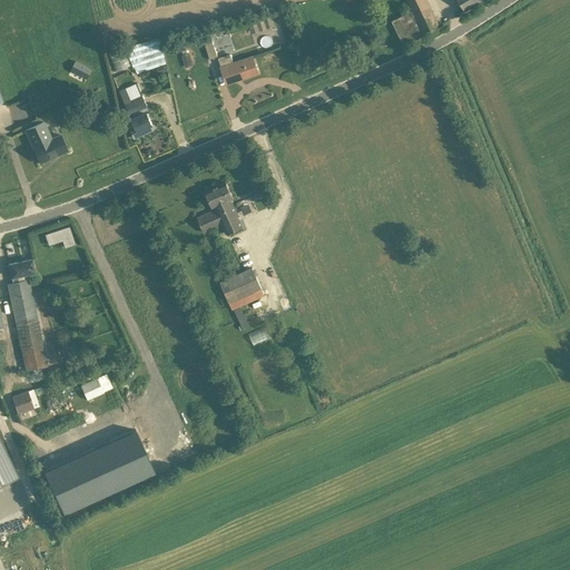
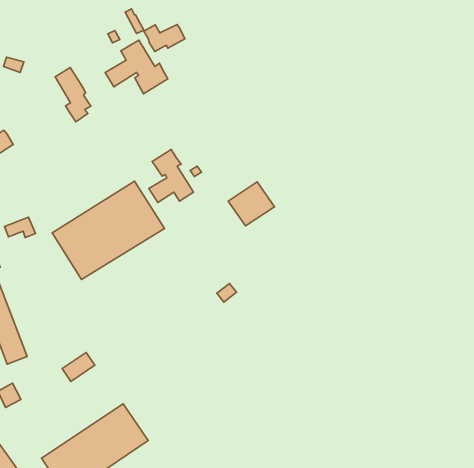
building: [126,37,167,73] -> none
building: none -> [105,40,168,94]
building: none -> [52,181,165,279]
building: [219,268,265,311] -> [228,182,275,226]

